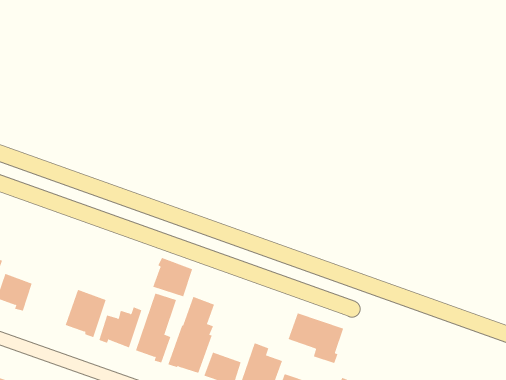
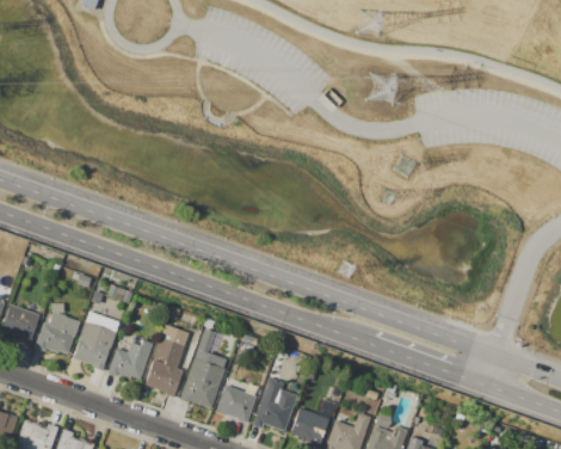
building: [153,257,193,297] -> none
building: none -> [35,313,80,353]
building: [288,313,344,364] -> none

